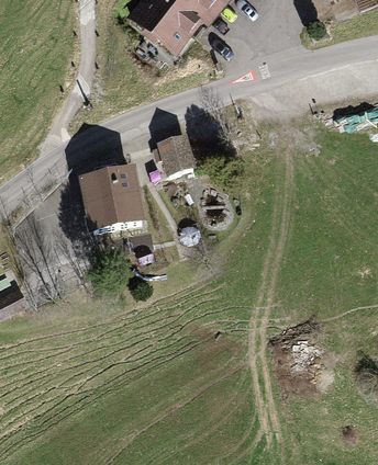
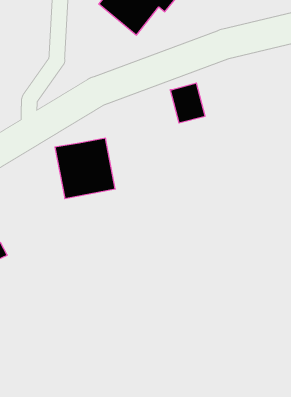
building: [158,132,198,177] -> [170,83,205,123]

